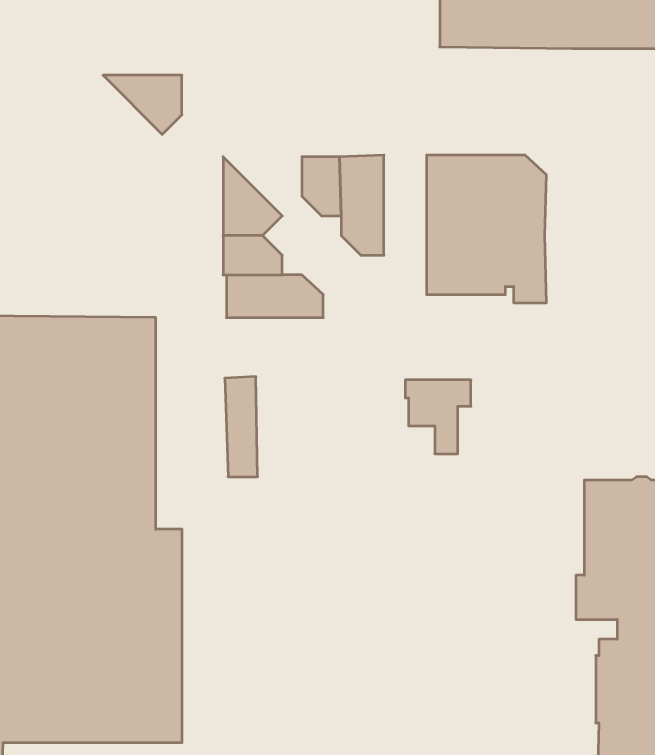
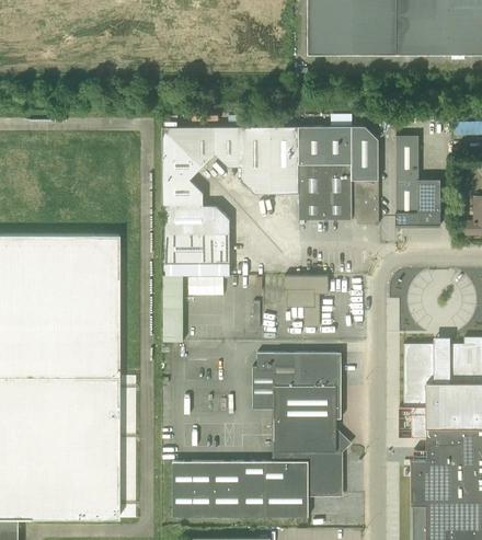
building: [103,75,182,134] -> [163,127,216,166]
building: none -> [271,126,299,193]
building: none -> [395,135,440,223]
building: none -> [165,234,230,263]
building: none -> [190,276,226,295]
building: none -> [173,352,349,517]

